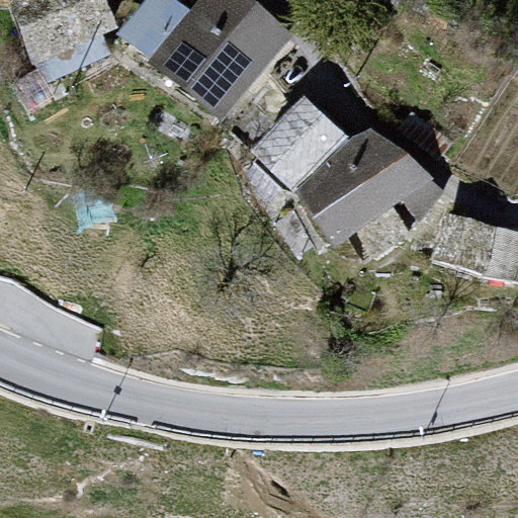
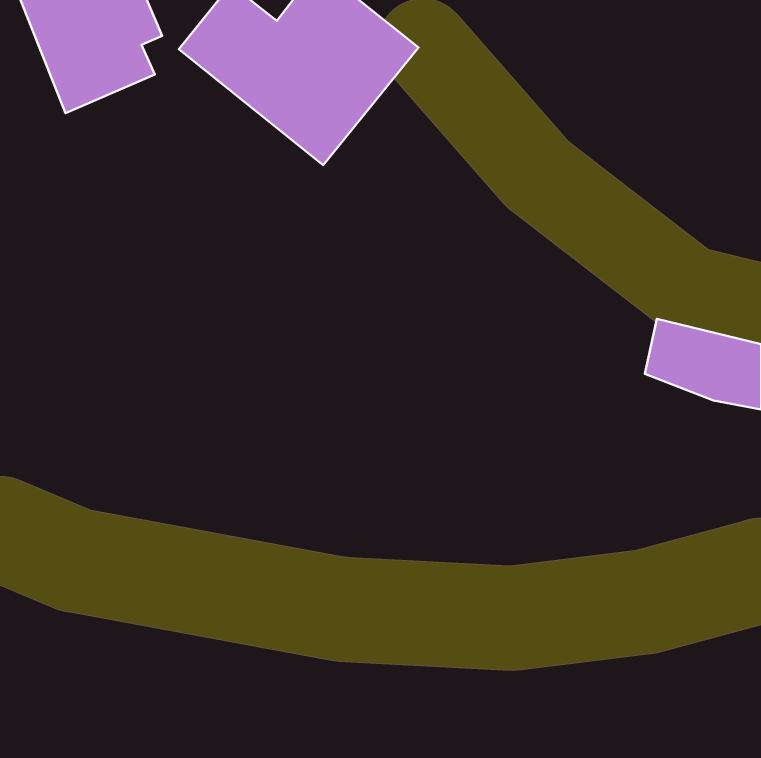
building: [254,99,339,184] -> none
building: [304,132,439,252] -> none

